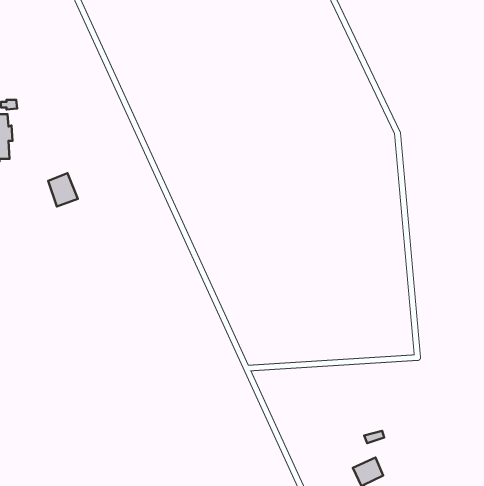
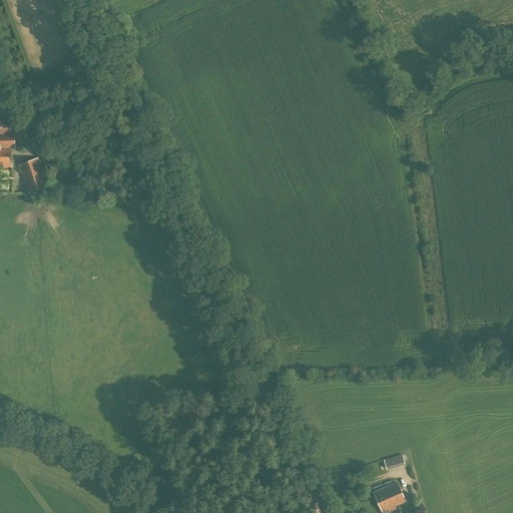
building: [48,173,78,207] -> [17,157,48,192]

